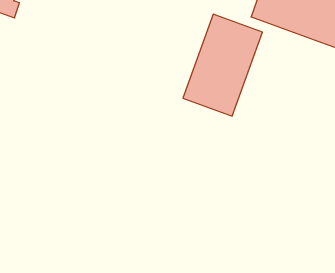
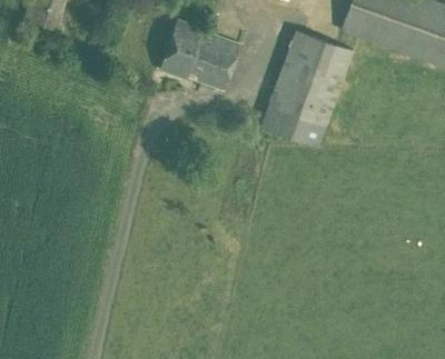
building: none -> [160,20,238,89]

